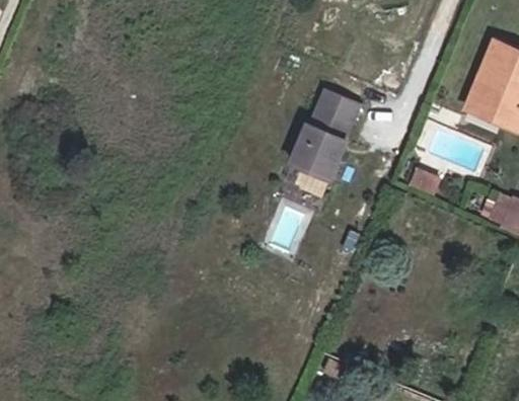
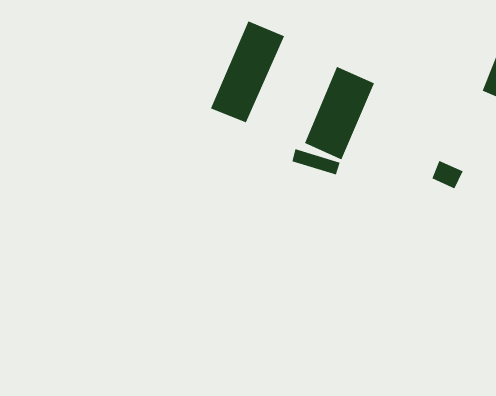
building: none -> [210,21,285,123]

